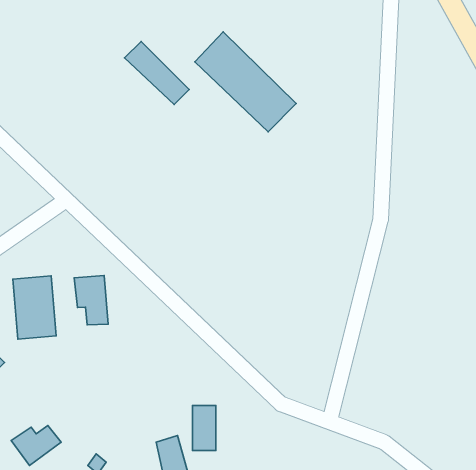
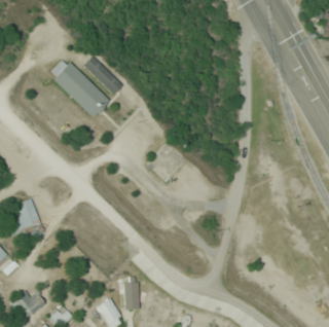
building: [195,32,296,132] -> [49,57,112,118]
building: [74,275,108,325] -> none

